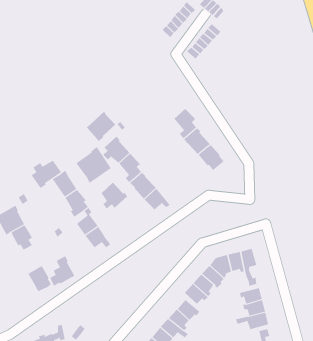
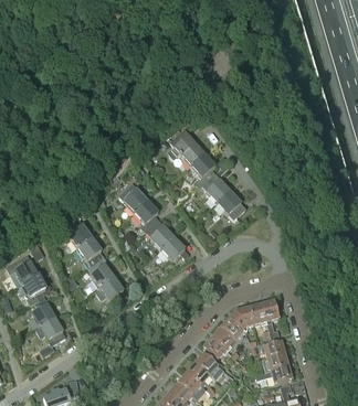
building: none -> [167,127,203,164]
building: [86,111,116,142] -> none
building: [75,146,112,184] -> none
building: [31,160,62,189] -> none
building: [101,182,128,209] -> none
building: [50,256,75,286] -> [28,296,54,328]

